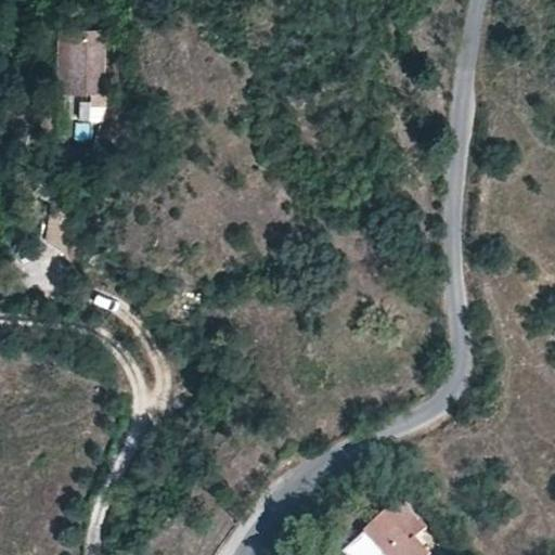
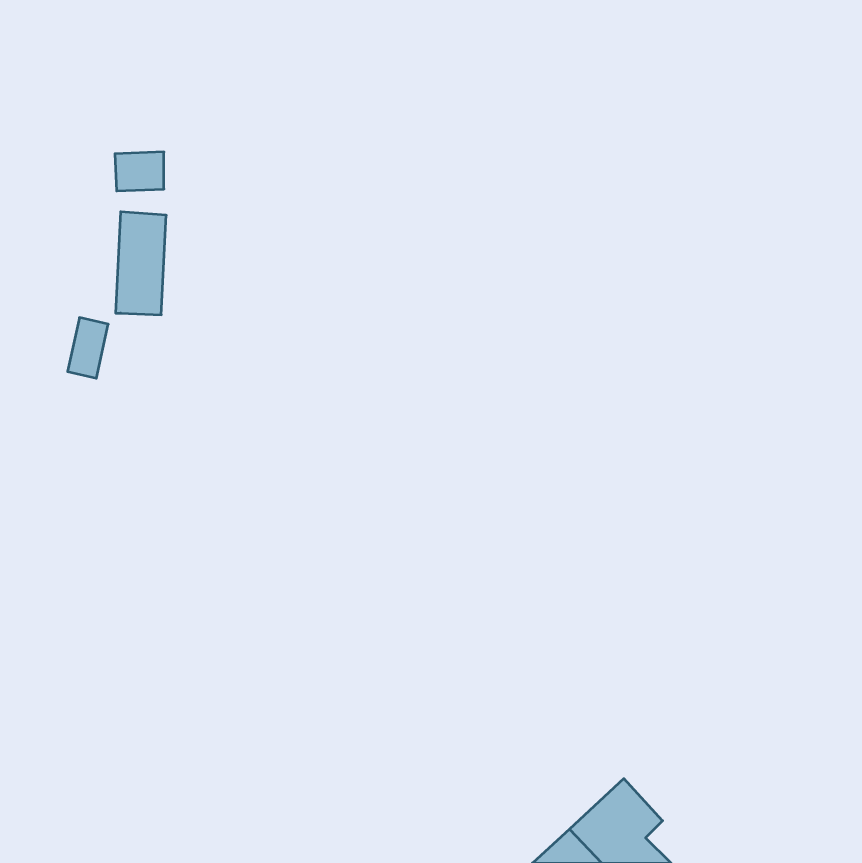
building: [63,29,95,95] -> [116,212,166,315]

